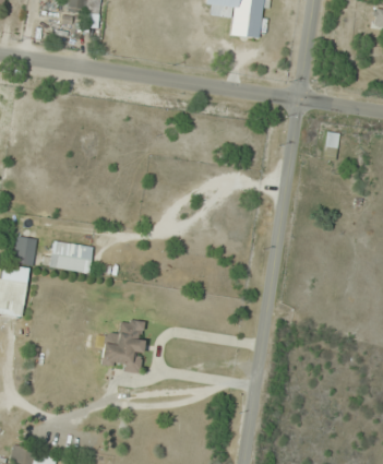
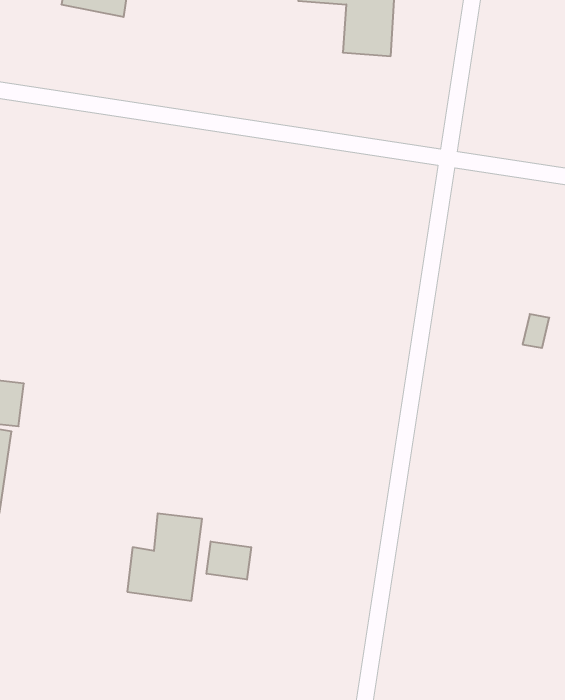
building: [49,240,93,272] -> none
building: none -> [207,541,251,580]

